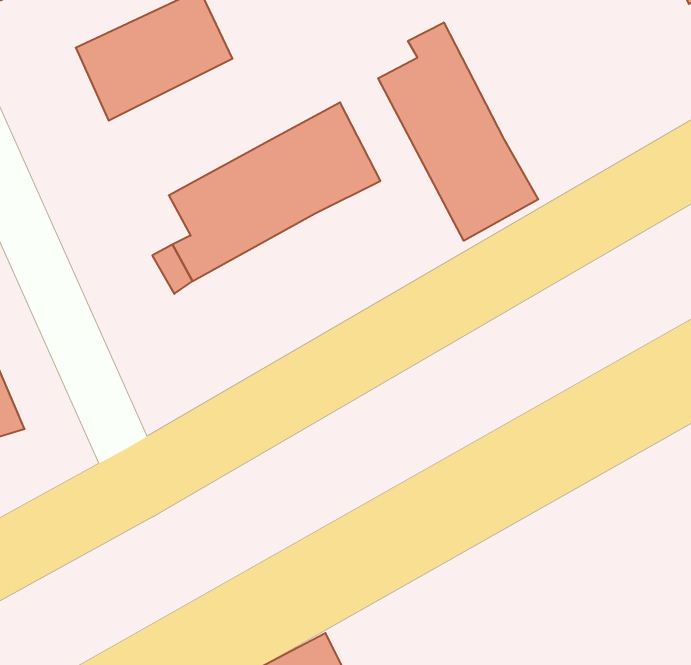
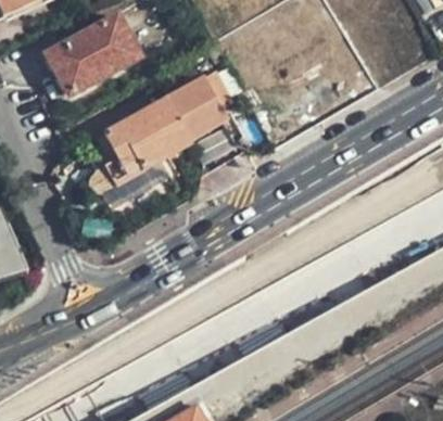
building: [378,22,538,241] -> none

